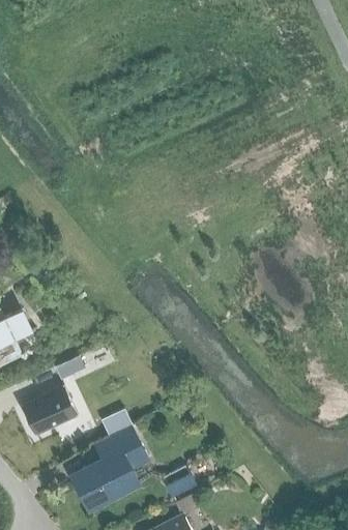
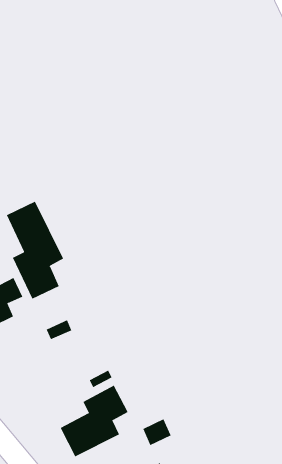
building: none -> [6,201,64,300]
building: [21,385,78,436] -> none

